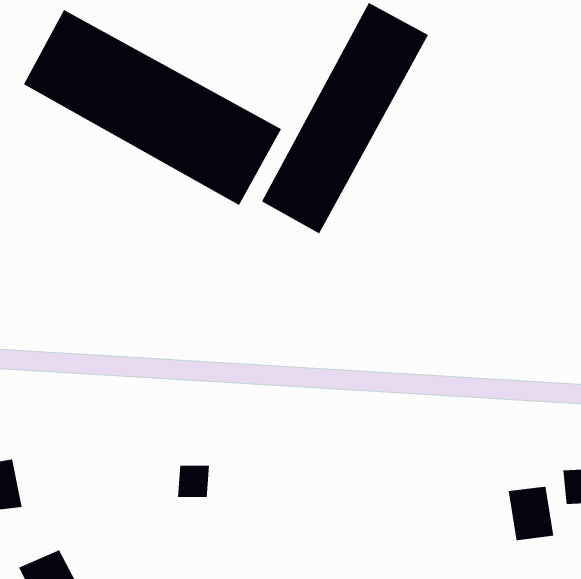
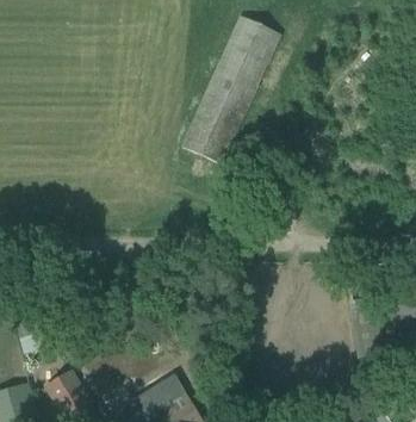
building: [23,9,282,206] -> none

